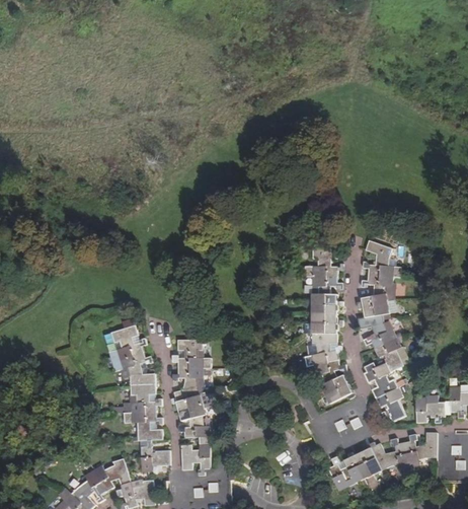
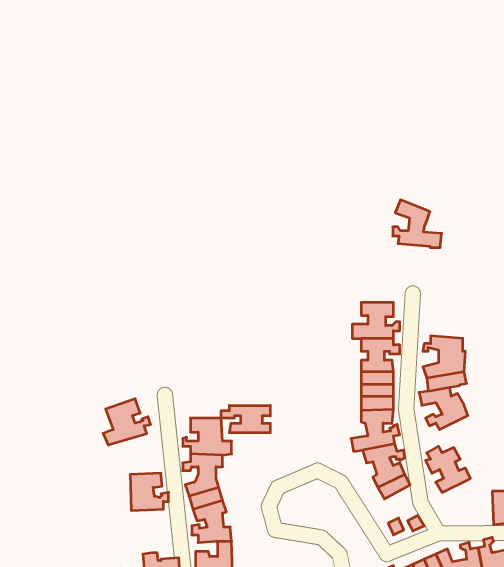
building: [363,239,401,277] -> [393,200,442,247]
building: none -> [221,405,270,433]
building: [374,337,403,371] -> none
building: [112,351,155,383] -> none
building: [376,386,405,421] -> none
building: [124,411,163,445] -> none

